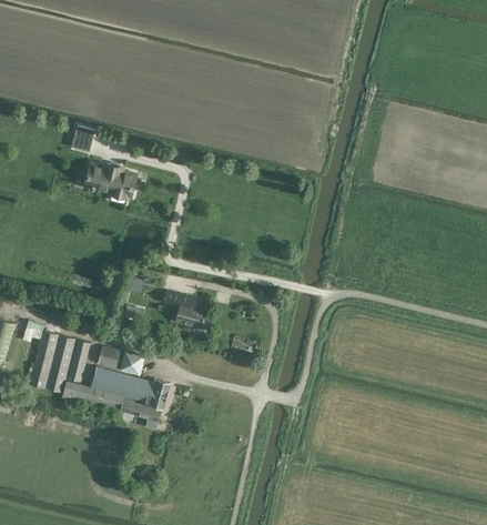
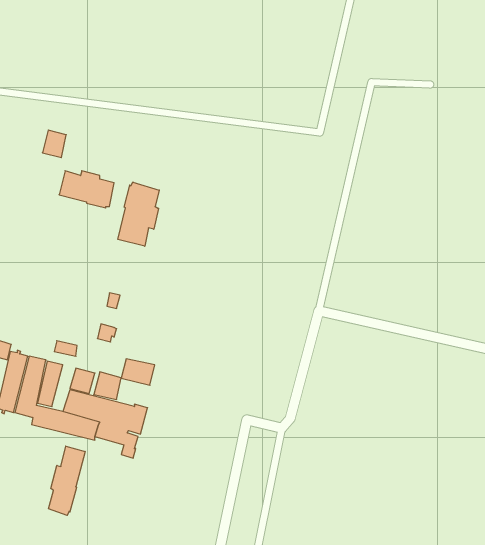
building: none -> [118,182,159,246]
building: [175,303,206,327] -> [121,359,155,385]
building: none -> [48,446,85,515]

